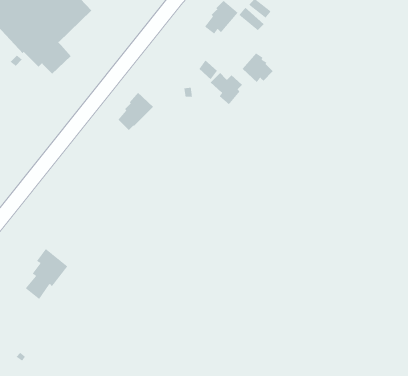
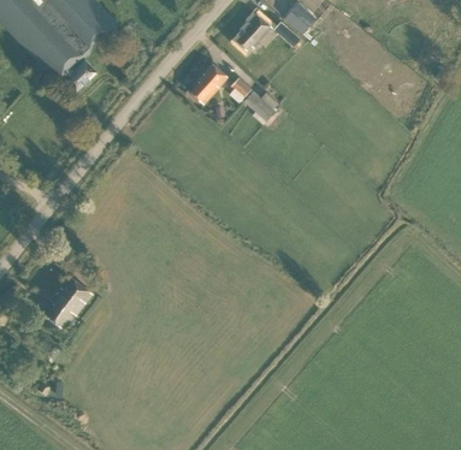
building: [242,53,273,83] -> none
building: [117,92,154,131] -> [189,60,227,101]

